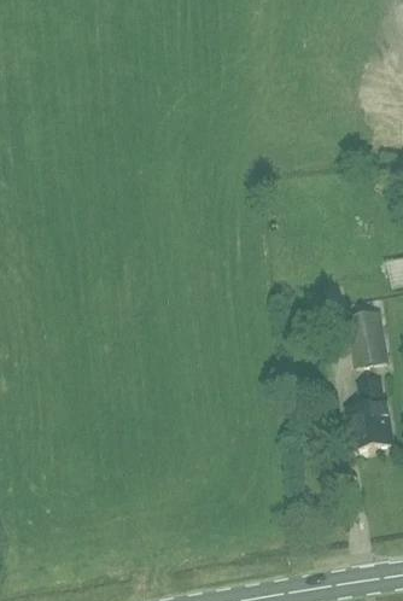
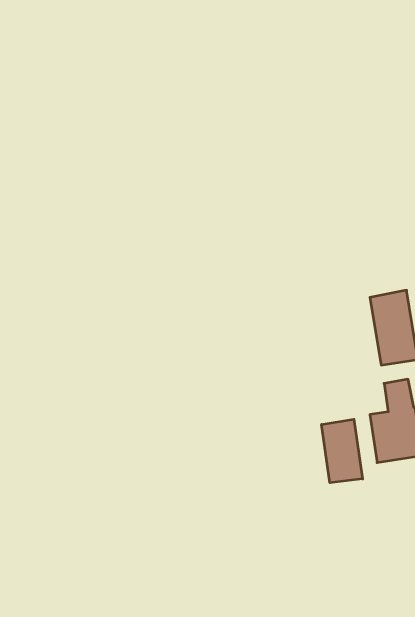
building: none -> [322,419,363,483]

